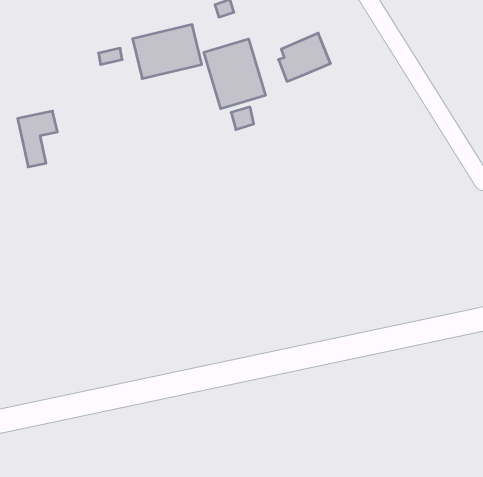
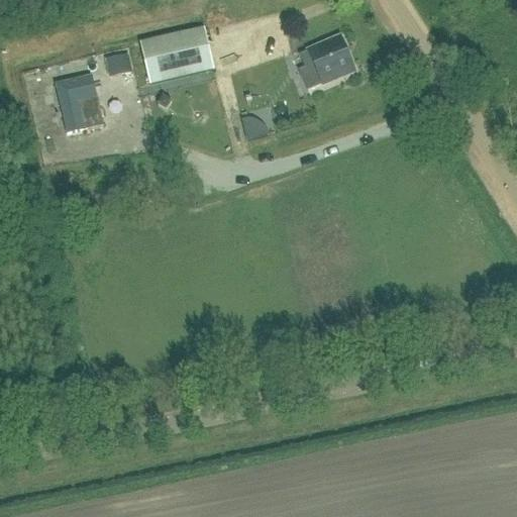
building: [204,39,265,109] -> none
building: [18,111,57,167] -> [56,73,98,132]

